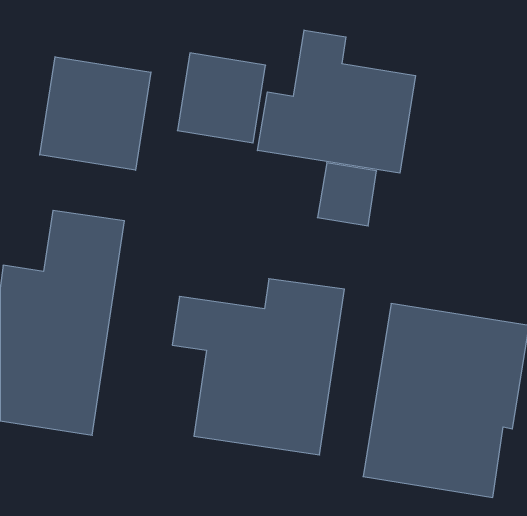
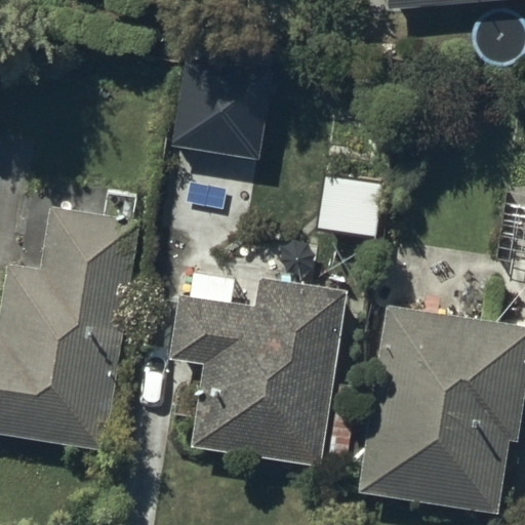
building: [257,30,416,173] -> none
building: [40,57,151,170] -> none

